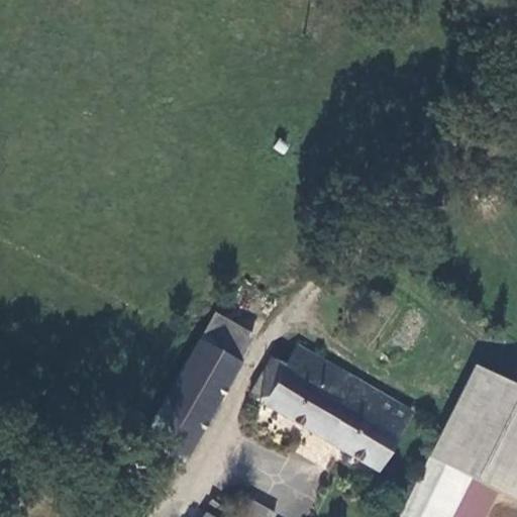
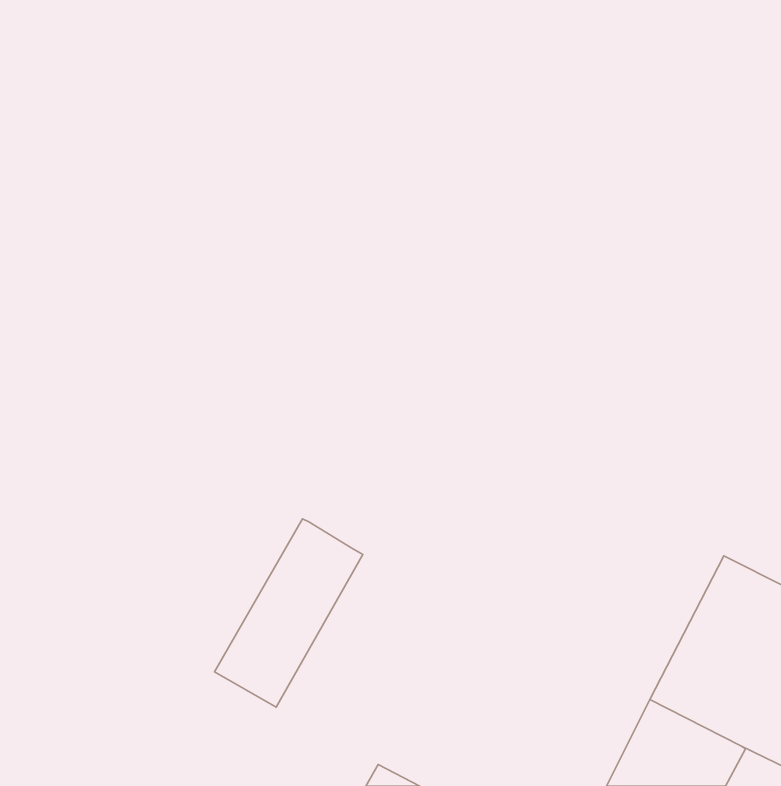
building: [207,321,247,358] -> none
building: [254,345,411,470] -> none

